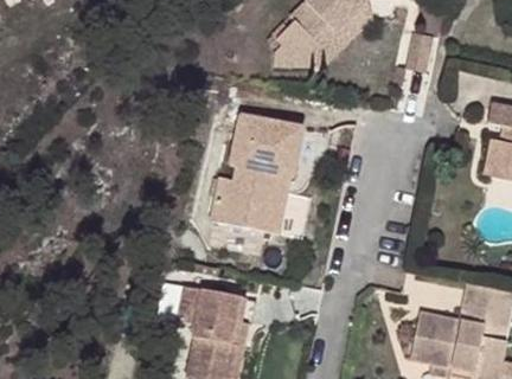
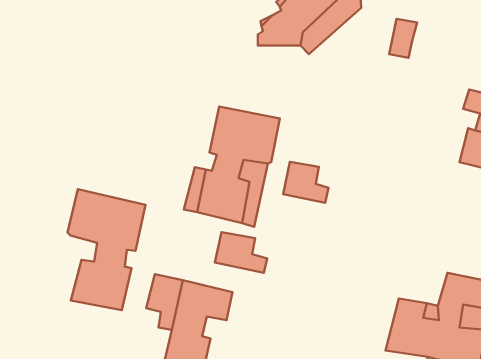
building: none -> [283,162,329,203]
building: none -> [67,189,146,310]
building: none -> [215,232,267,273]

